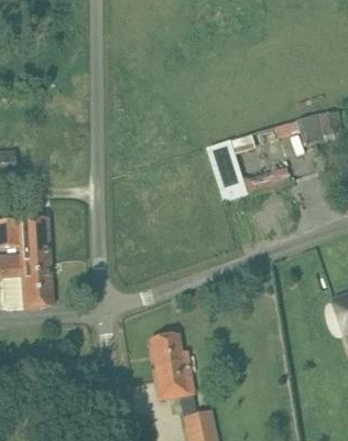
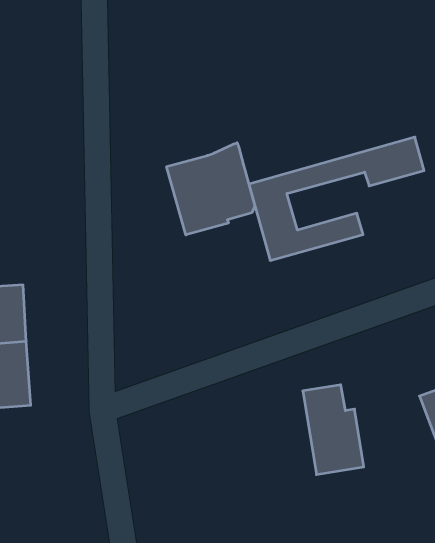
building: none -> [167,143,255,235]
building: [151,334,195,399] -> [303,385,364,475]

